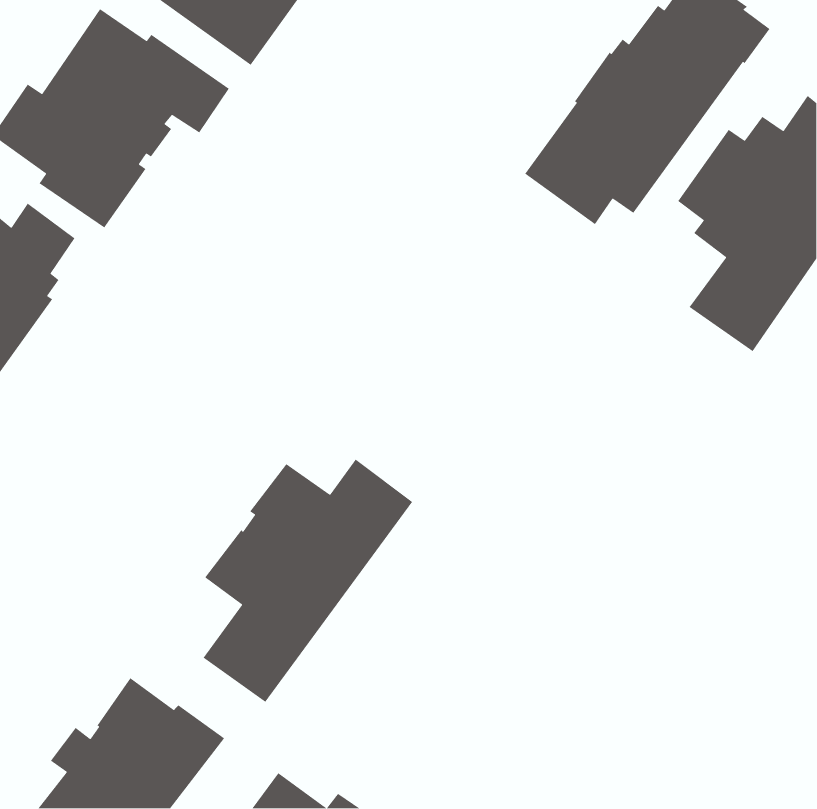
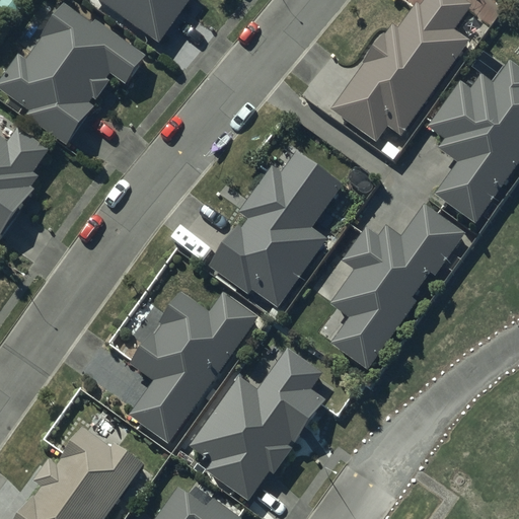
building: none -> [208,149,343,307]
building: none -> [328,205,465,370]
building: none -> [188,337,331,502]

